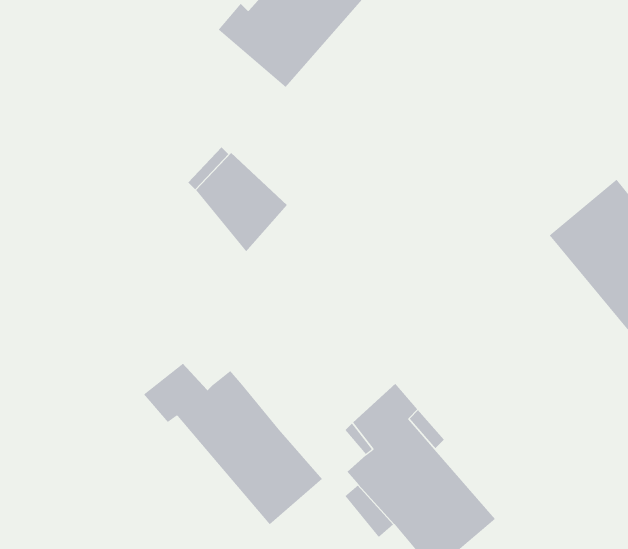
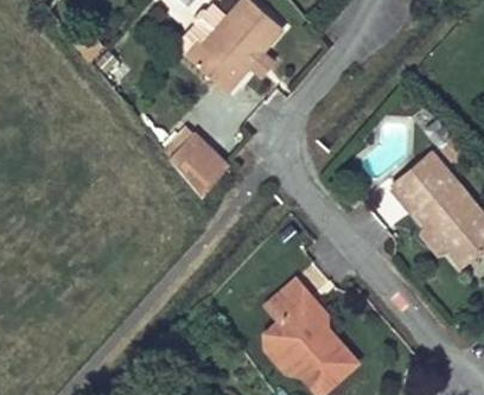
building: [143,363,323,525] -> none

